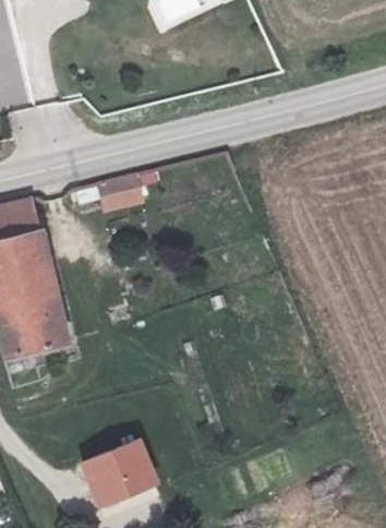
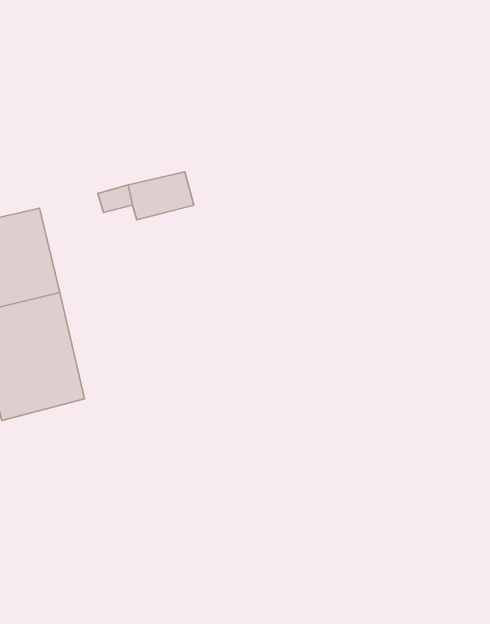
building: [85,437,155,500] -> none

